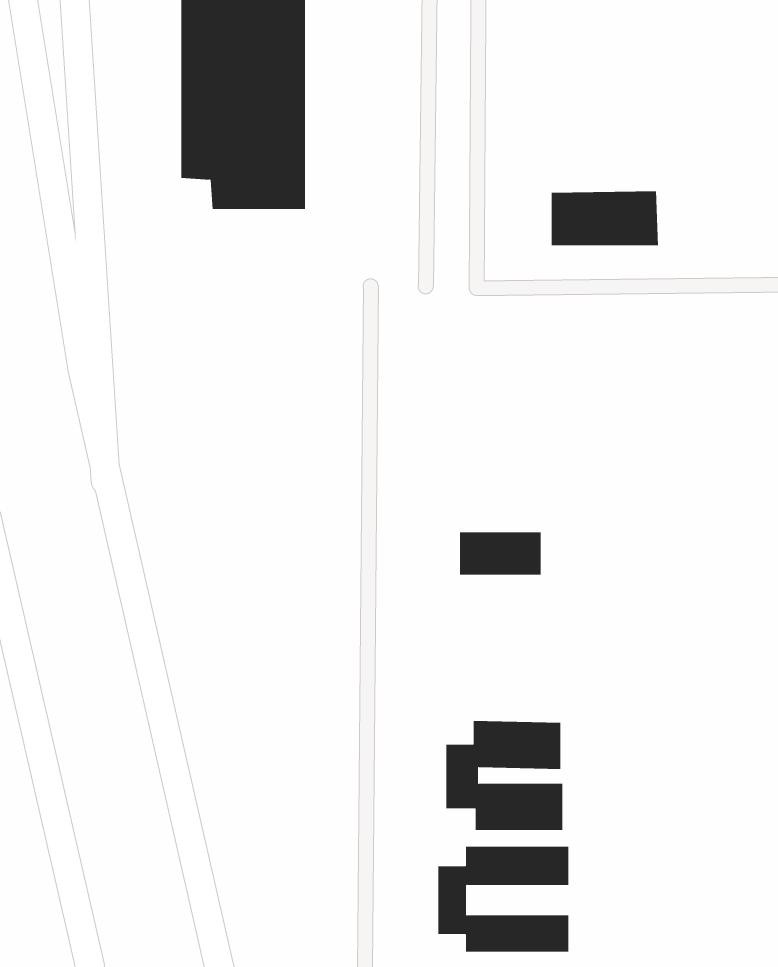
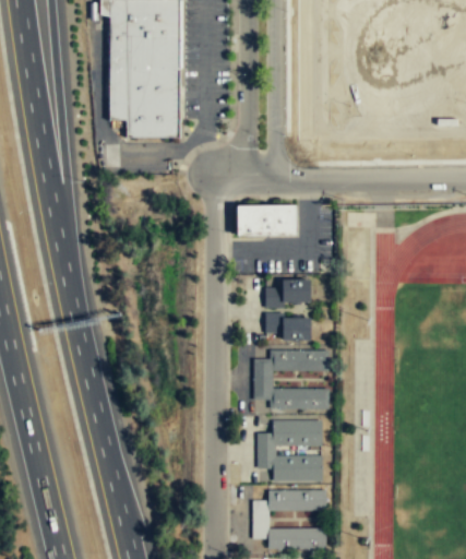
building: [551,191,659,246] -> [237,202,297,233]
building: none -> [264,278,309,305]
building: none -> [252,350,326,409]

